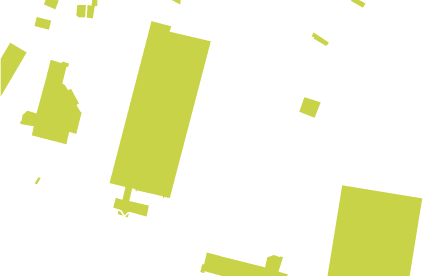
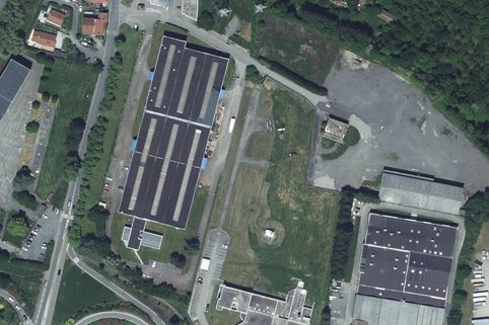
building: [19,59,83,145] -> none
building: none -> [377,172,463,214]

